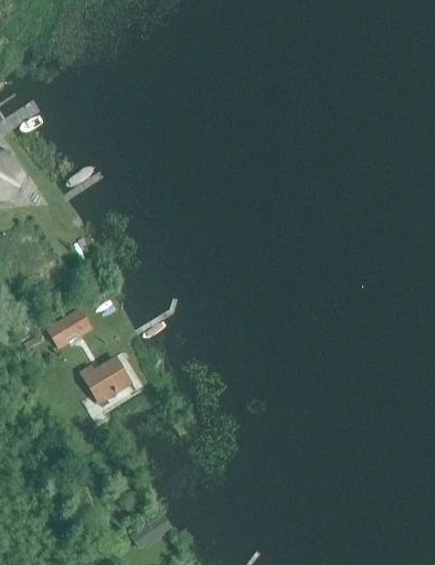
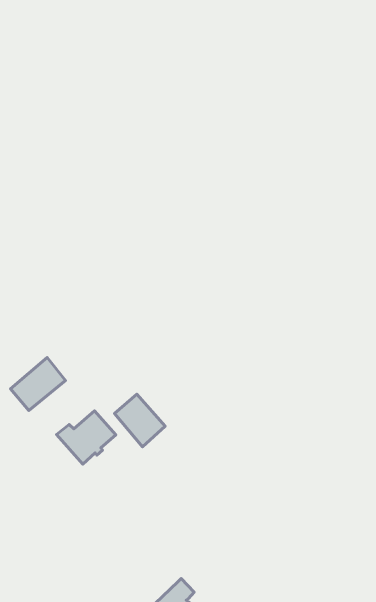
building: none -> [115,394,165,447]

